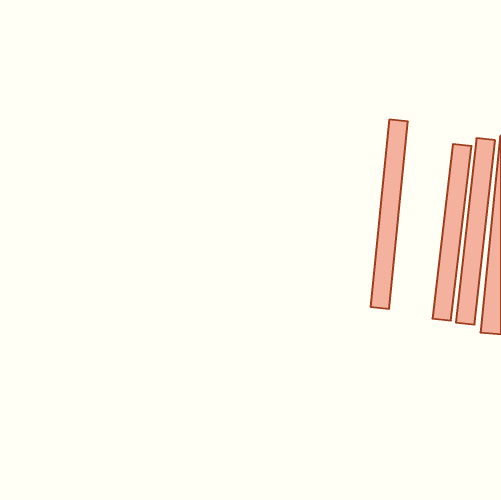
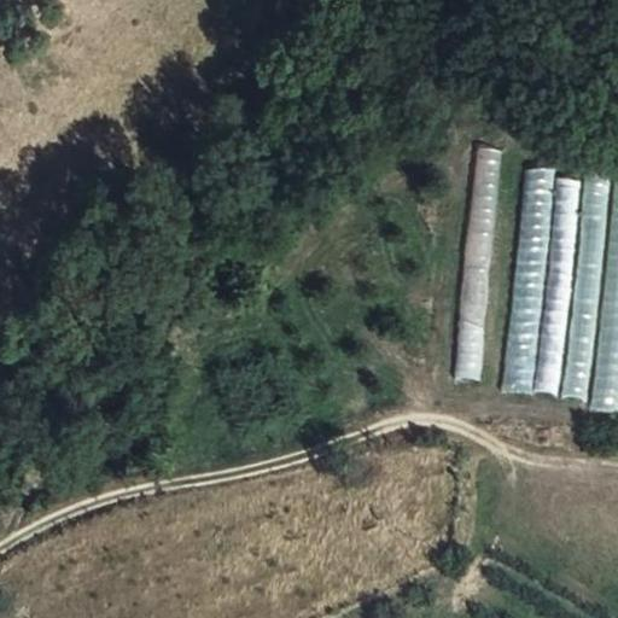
building: none -> [502,168,555,392]

